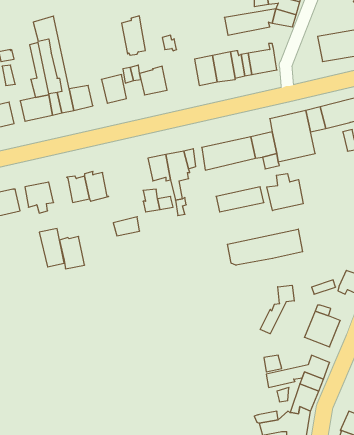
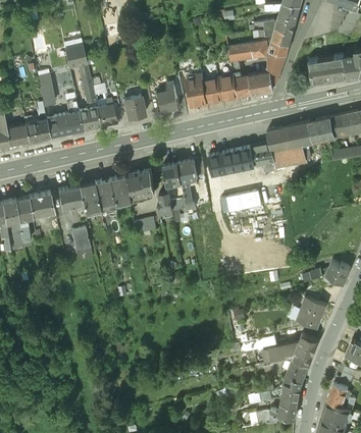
building: [122,16,145,55] -> [186,75,206,109]
building: none -> [265,51,286,87]
building: none -> [123,171,155,200]
building: [267,174,303,211] -> none
building: [227,229,303,265] -> none
building: [59,236,85,269] -> [78,184,99,212]
building: [260,285,294,334] -> none

